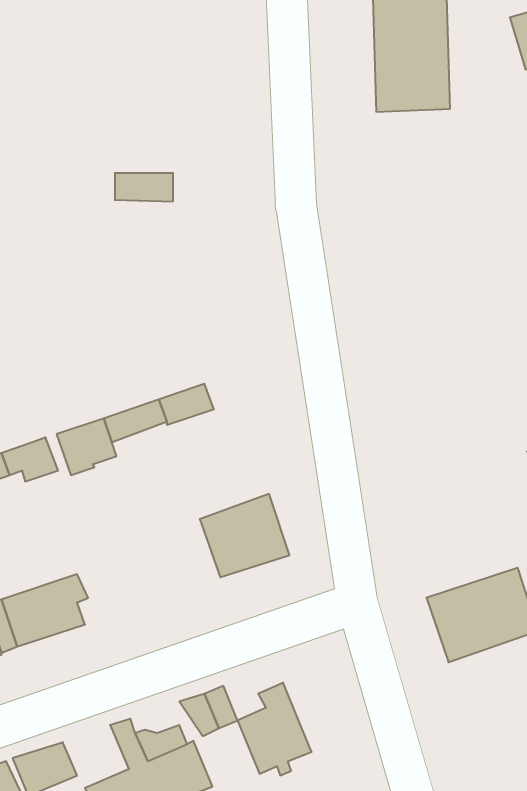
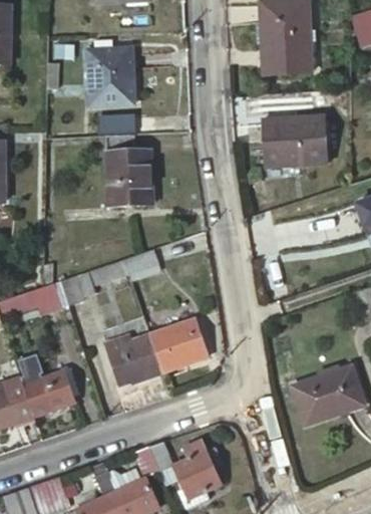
building: none -> [88,41,130,104]
building: none -> [264,117,327,160]
building: none -> [109,134,152,207]
building: none -> [102,334,162,387]

